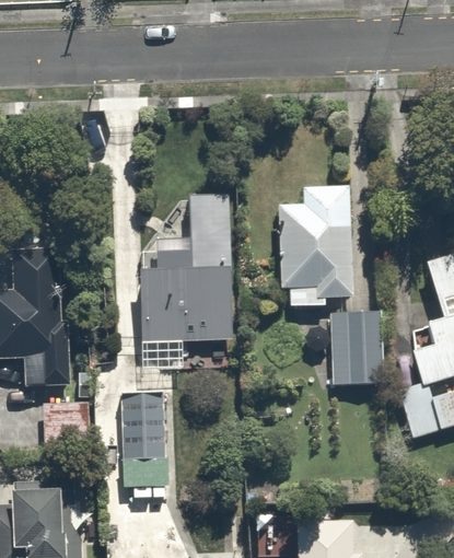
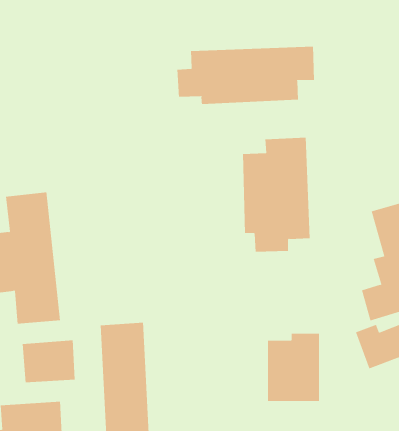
building: none -> [177,46,314,105]
building: [135,191,232,344] -> none
building: [329,307,388,384] -> [267,333,320,401]

